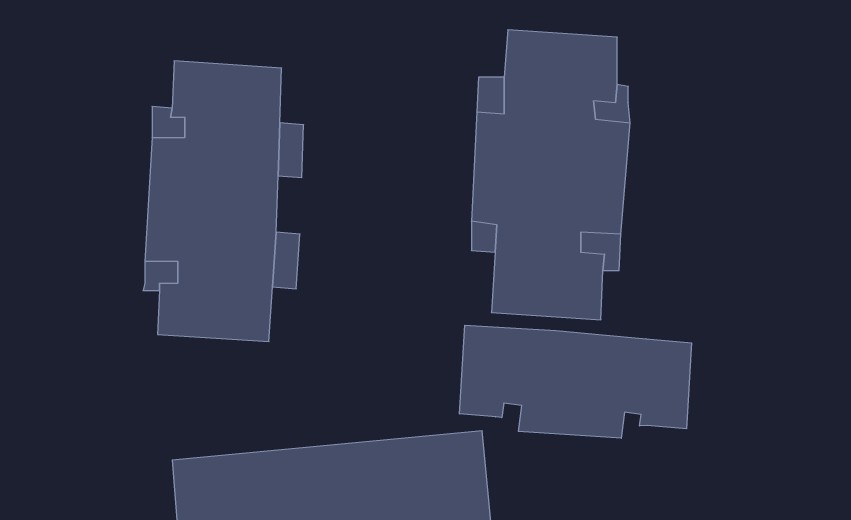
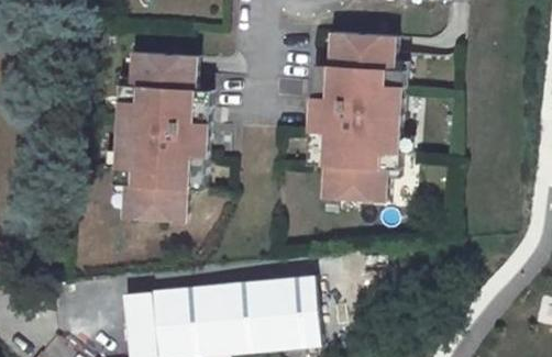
building: [460,325,691,438] -> none

